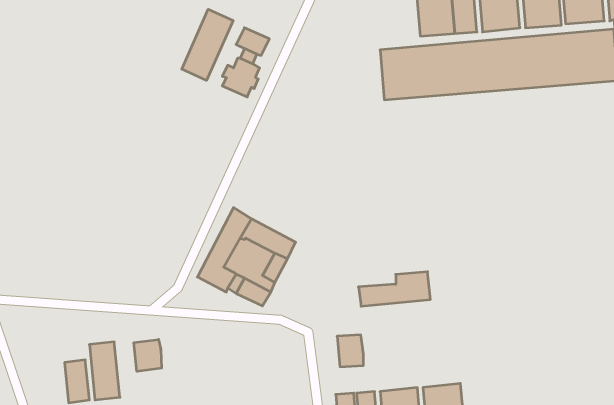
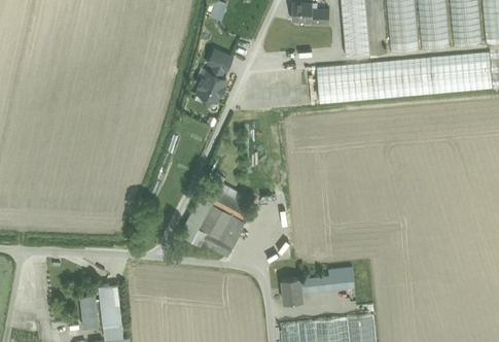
building: [182,9,233,80] -> none
building: [358,272,430,306] -> [300,268,354,294]
building: [134,339,162,371] -> none

